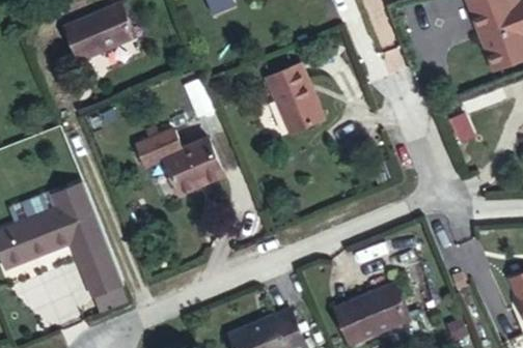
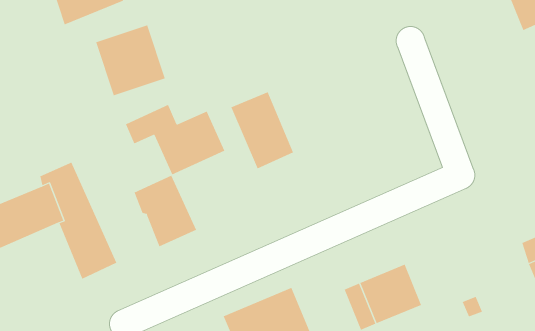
building: [266,59,325,132] -> [230,92,294,169]
building: none -> [96,25,165,96]
building: none -> [134,175,197,247]

